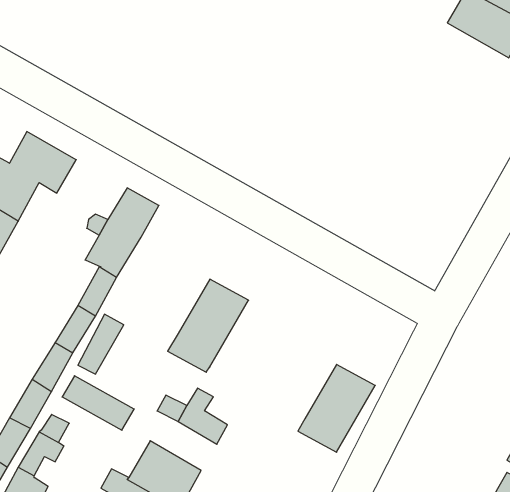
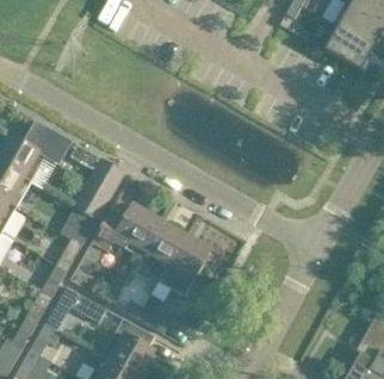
building: none -> [92,205,159,257]
building: [298,364,375,452] -> [159,235,211,294]

